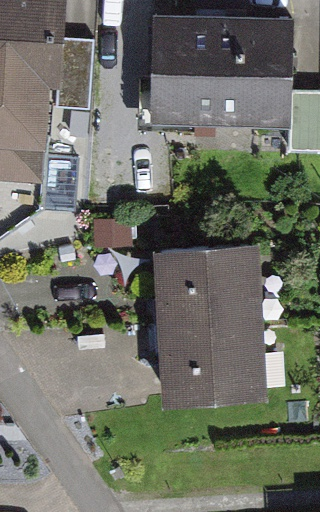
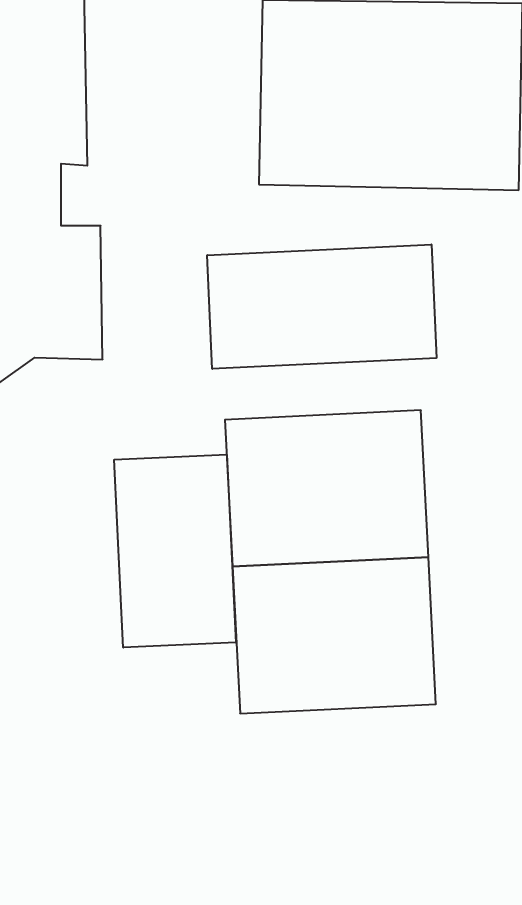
building: none -> [207,244,436,369]
building: none -> [114,455,236,648]

